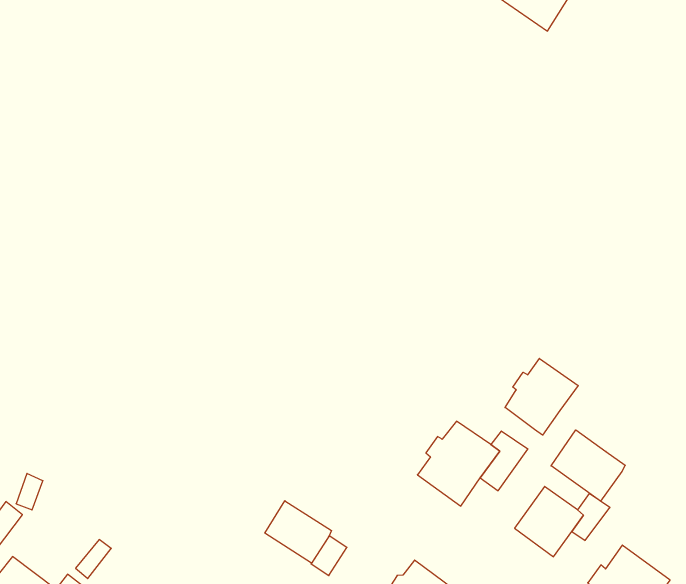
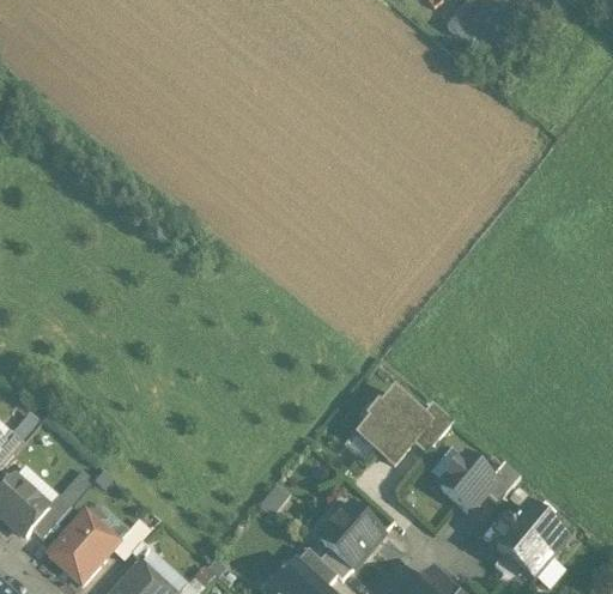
building: [505,358,578,435] -> none
building: [551,430,625,501] -> none
building: [265,501,332,563] -> none

